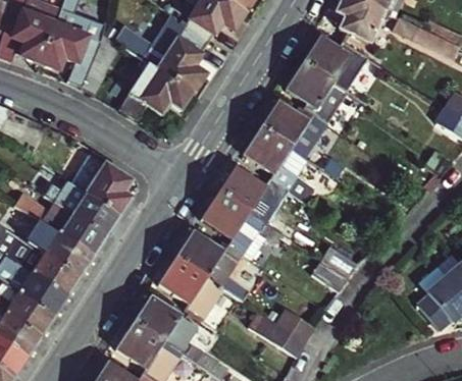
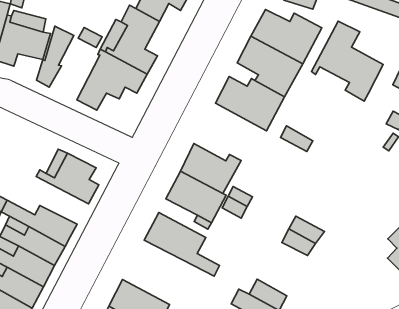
building: none -> [311,21,383,101]
building: [242,126,315,203] -> none
building: [44,181,121,235] -> none
building: [157,258,222,321] -> none

